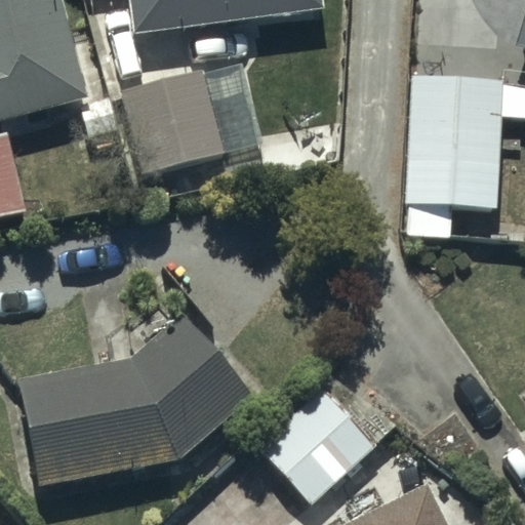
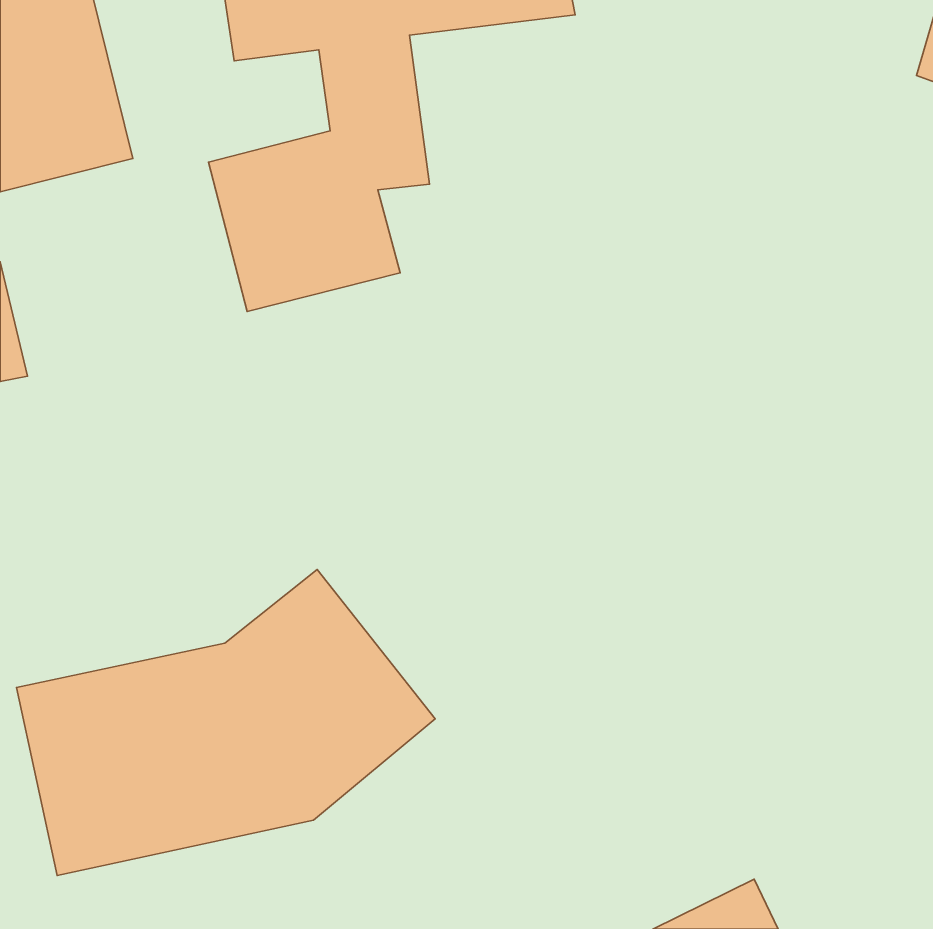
building: [408,74,516,232] -> none
building: [261,389,391,501] -> none

